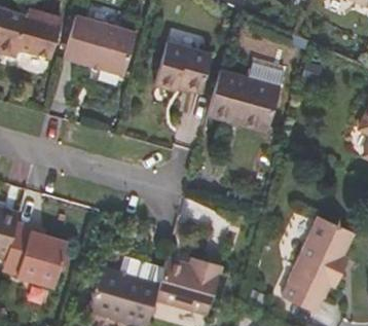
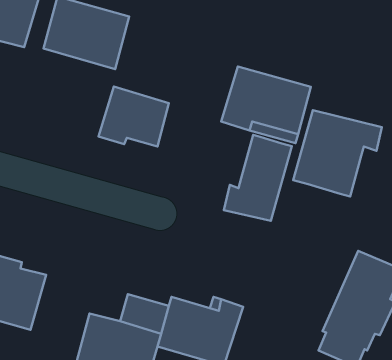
building: [156,41,213,89] -> [99,87,169,147]
building: none -> [293,110,382,197]
building: none -> [224,135,292,221]

